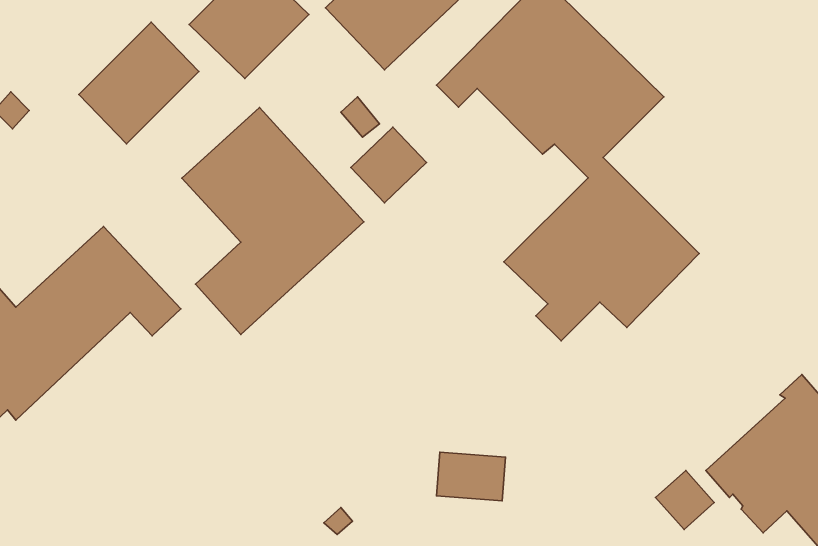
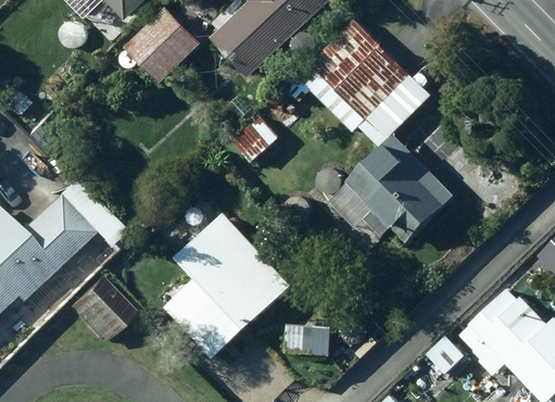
building: [79,22,199,144] -> none
building: [182,107,364,335] -> [171,212,288,359]
building: none -> [61,277,126,342]

